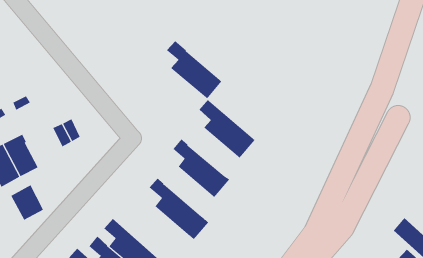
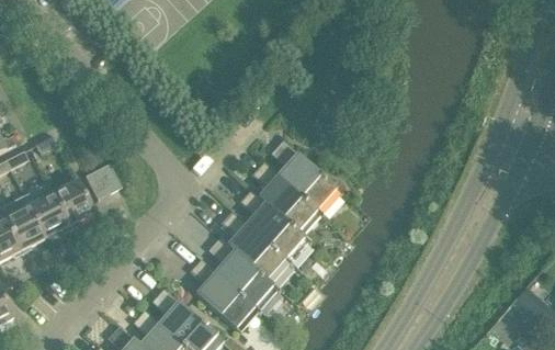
building: [166,41,222,99] -> [250,162,320,236]
building: none -> [218,211,288,284]
building: [11,185,44,220] -> [52,180,93,225]
building: none -> [188,259,258,334]

